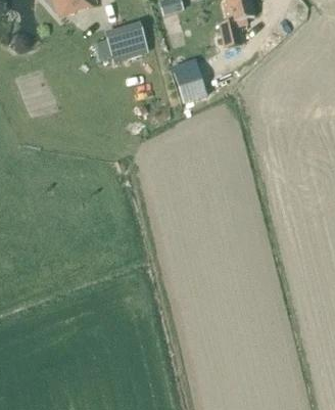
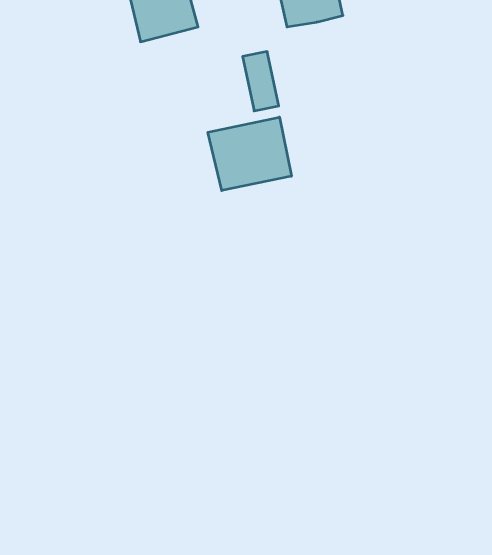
building: none -> [208,117,291,191]

